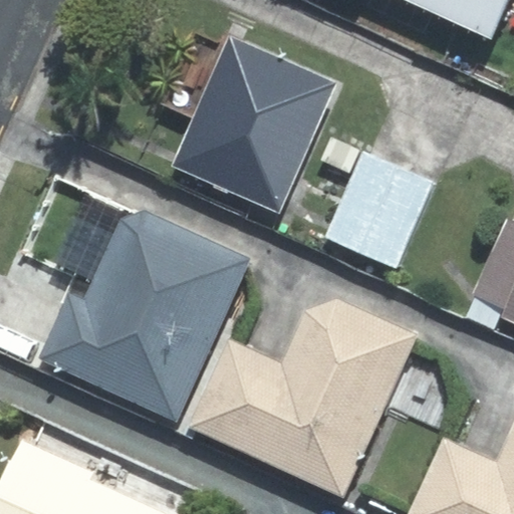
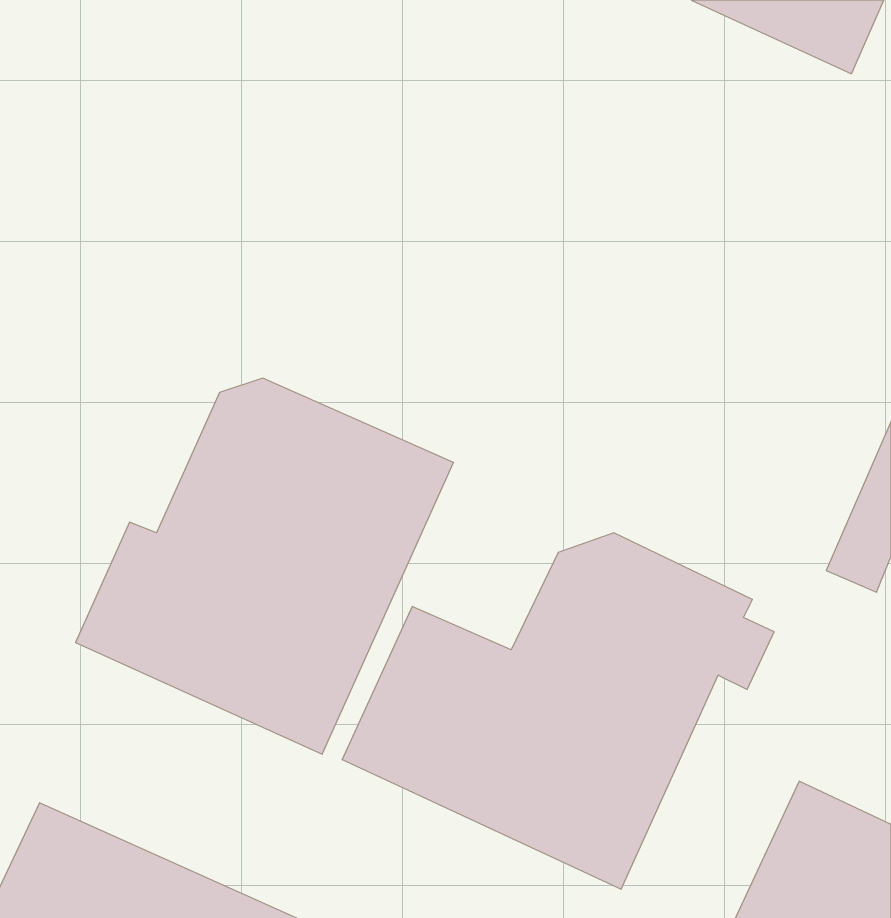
building: [174,33,340,212] -> none
building: [322,152,430,268] -> none

